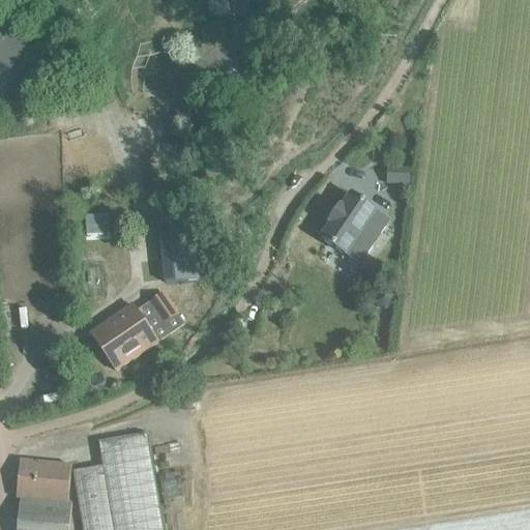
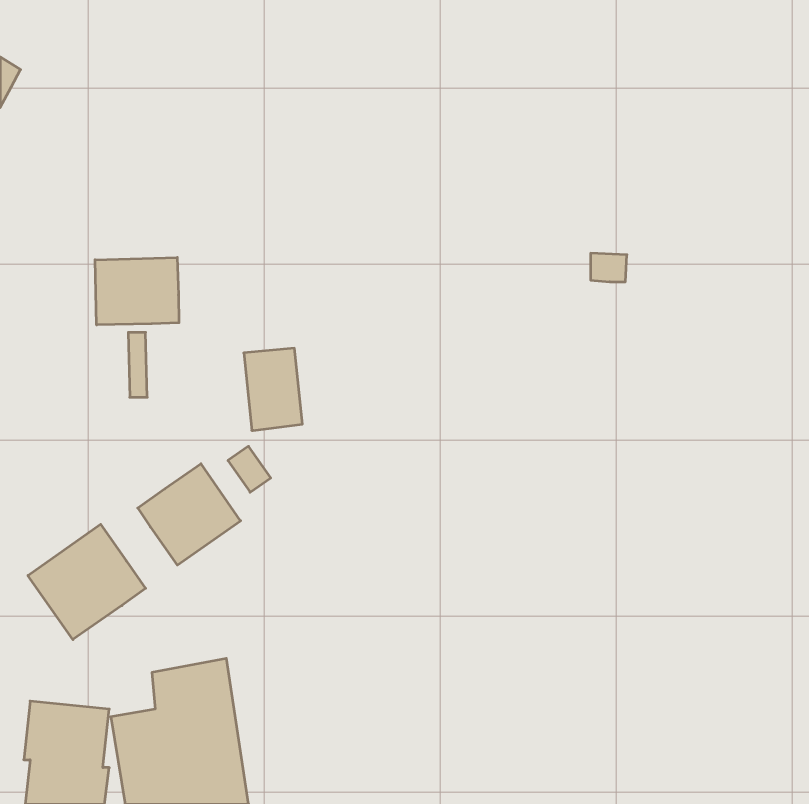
building: none -> [95,257,179,325]
building: [321,193,388,262] -> none
building: none -> [28,524,146,640]

